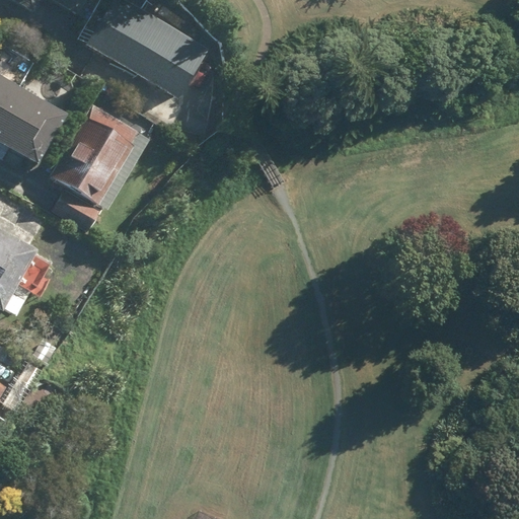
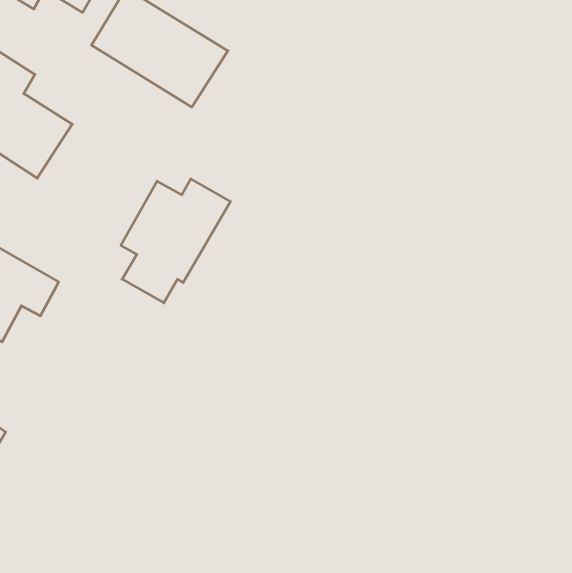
building: [50,117,148,228] -> [121,179,230,303]

